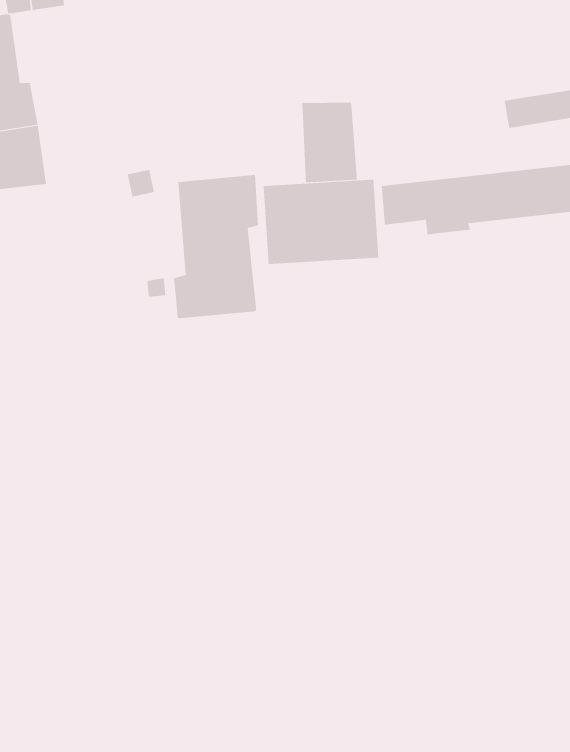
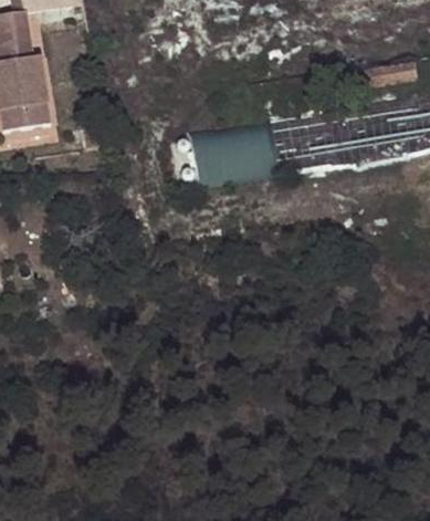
building: [302,102,358,183] -> none
building: [173,174,258,319] -> none

